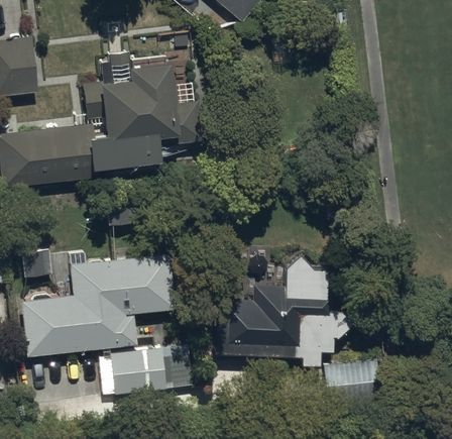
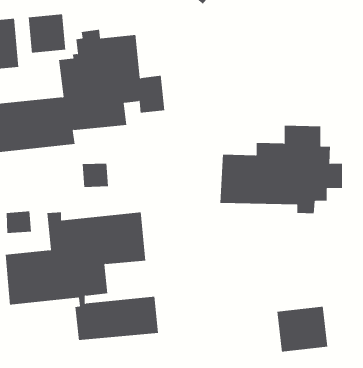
building: none -> [28,14,66,54]
building: [214,266,351,365] -> [220,125,343,214]

